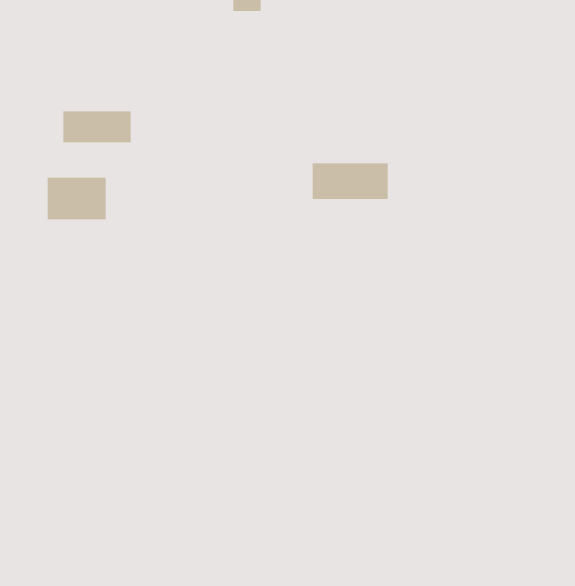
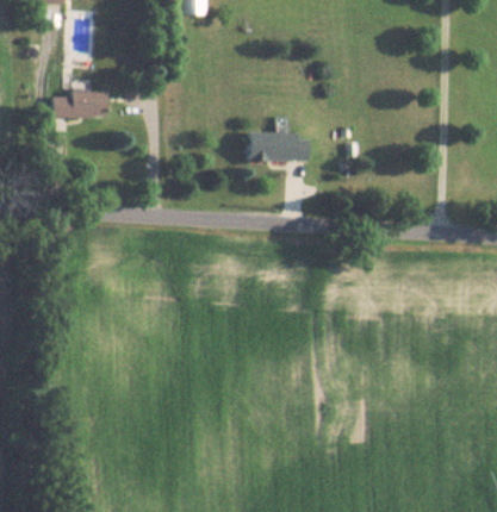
building: [47,177,106,220] -> none

